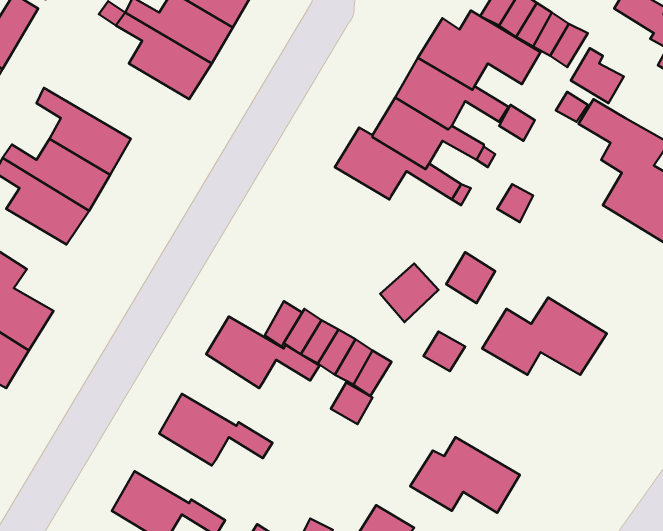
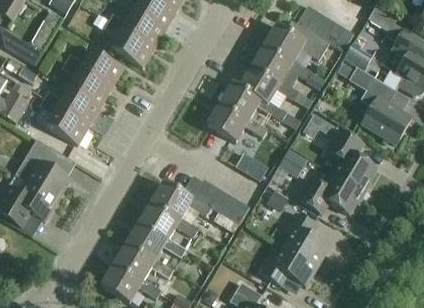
building: none -> [65,50,122,88]
building: none -> [207,103,267,141]
building: none -> [326,129,376,191]
building: none -> [138,202,198,240]
building: none -> [283,212,329,266]
building: none -> [113,244,174,281]

